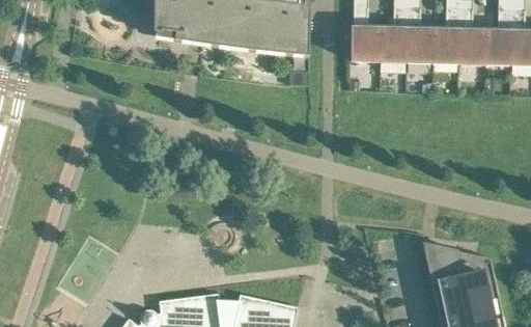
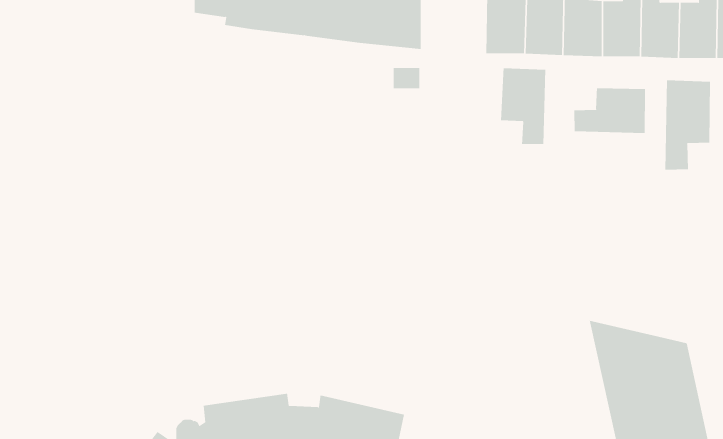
building: none -> [501,67,546,145]
building: none -> [665,79,710,171]
building: none -> [574,87,645,134]

